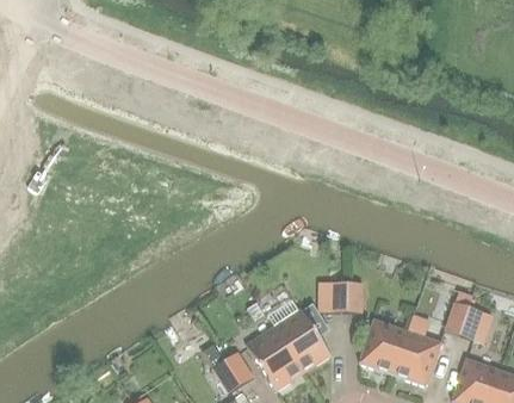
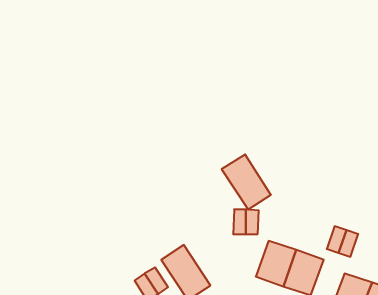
building: [273,306,333,373] -> [222,154,271,210]

